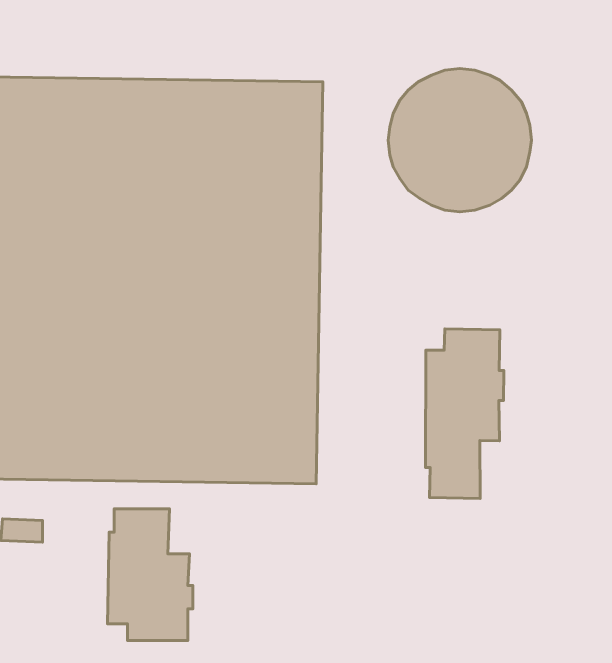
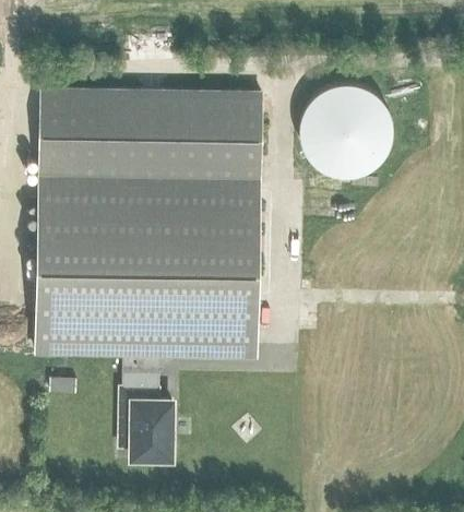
building: [425,329,504,498] -> none

